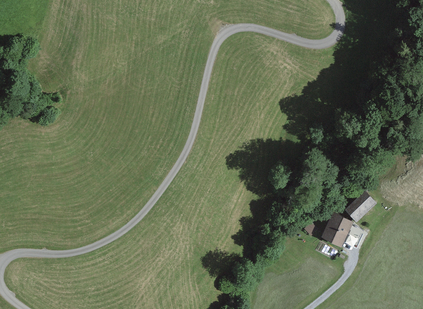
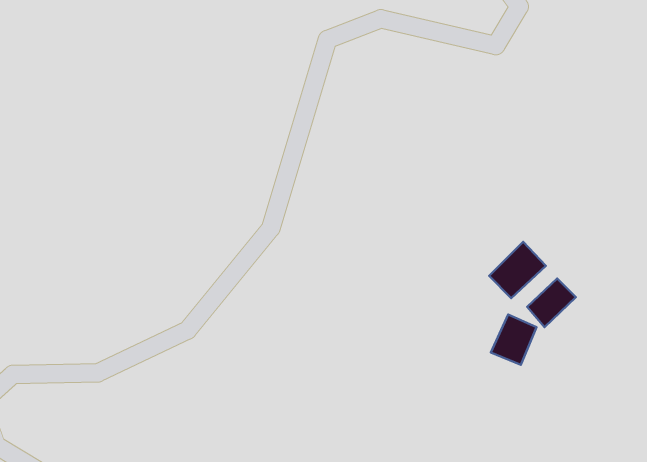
building: none -> [489,242,546,298]

